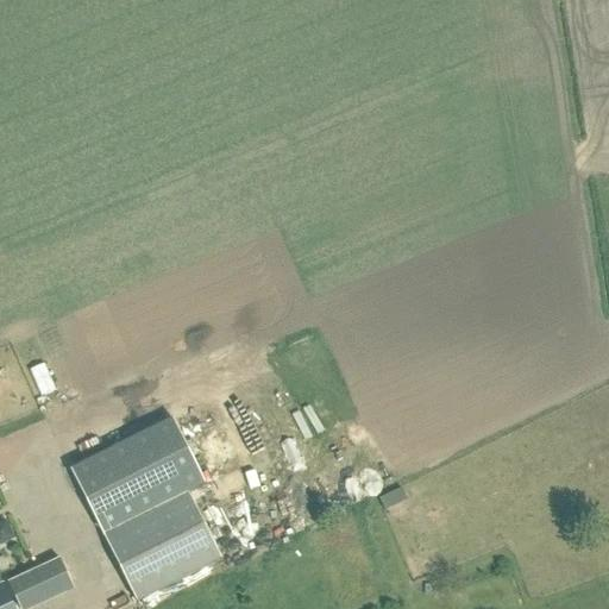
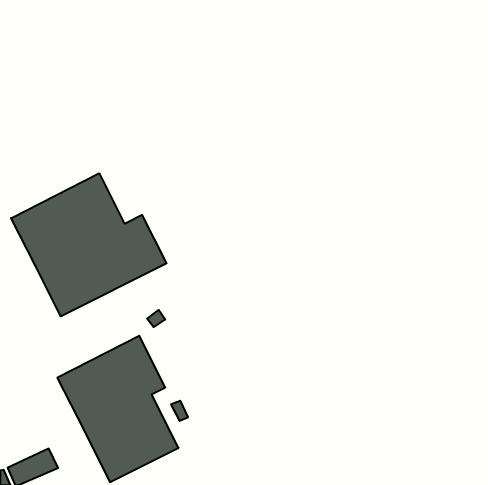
building: none -> [11,173,167,316]

